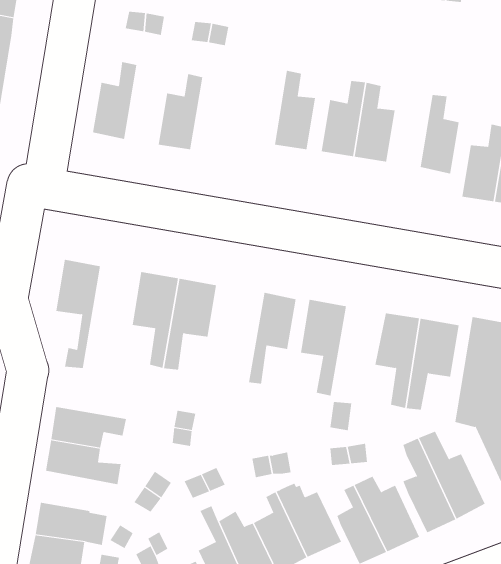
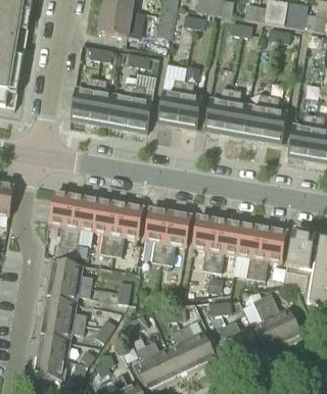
building: none -> [89,78,113,125]
building: none -> [157,80,184,125]
building: none -> [128,85,152,131]
building: none -> [243,93,270,138]
building: none -> [64,196,98,258]
building: none -> [144,208,171,264]
building: none -> [211,219,242,274]
building: none -> [48,259,92,286]
building: none -> [39,316,85,340]

